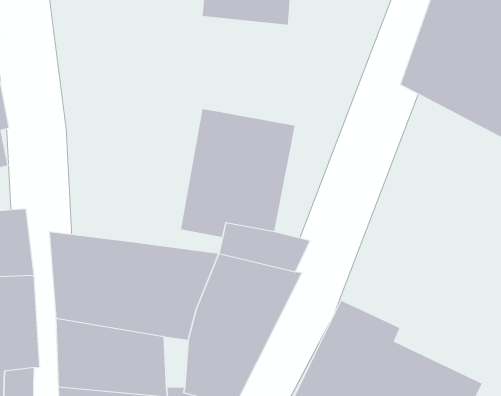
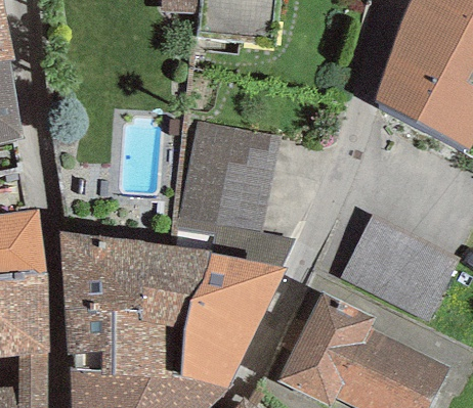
building: none -> [341,215,457,318]

